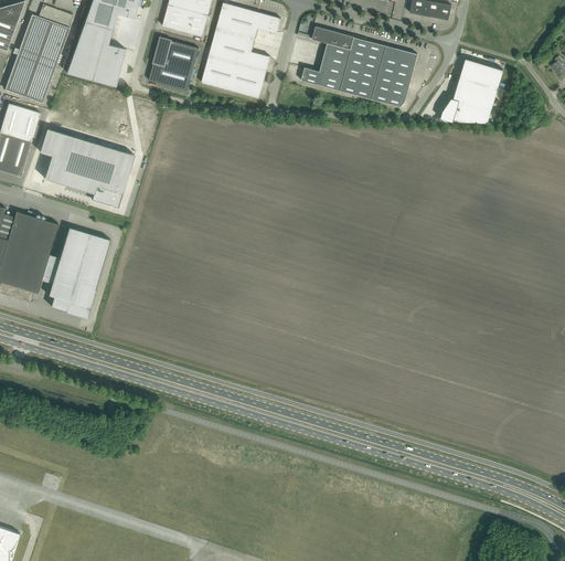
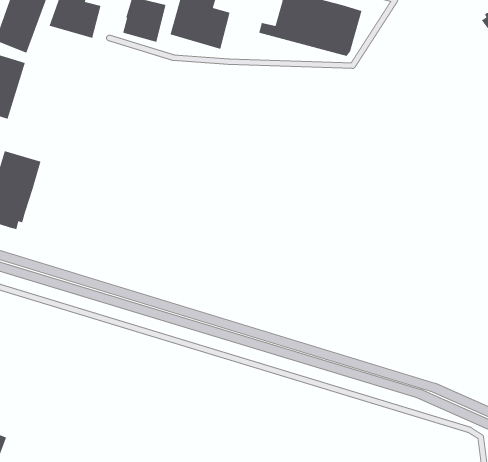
building: [439,57,502,123] -> none
building: [39,126,134,208] -> none
building: [40,226,109,318] -> none

